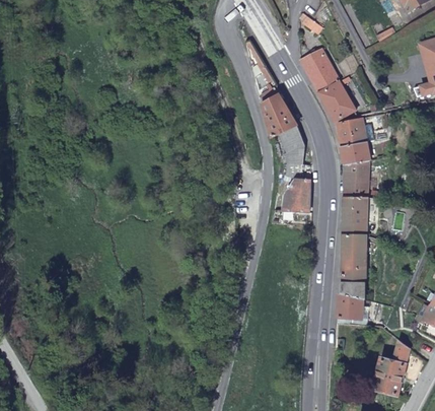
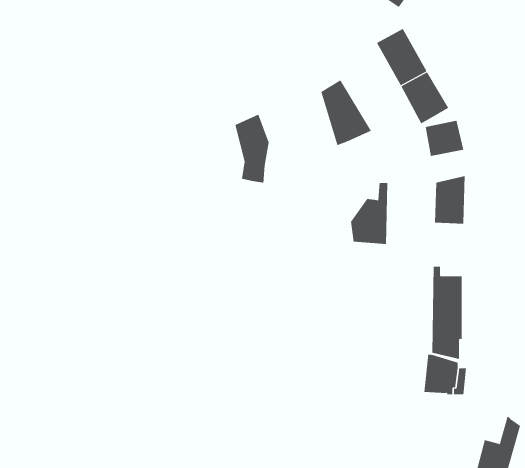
building: [279,126,305,178] -> [234,114,270,183]
building: [341,140,369,164] -> none
building: [343,195,366,234] -> none

